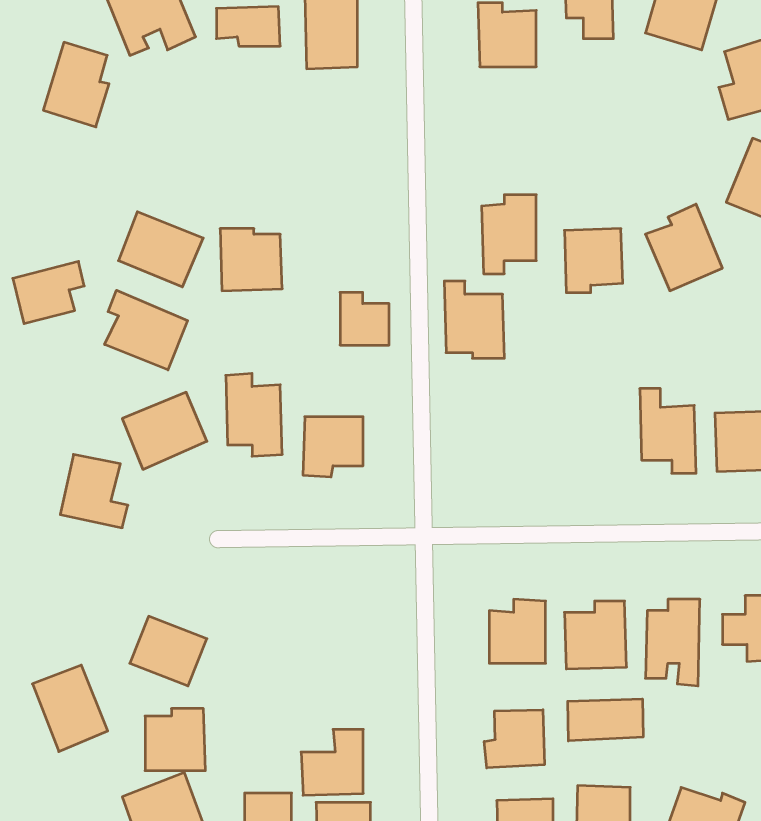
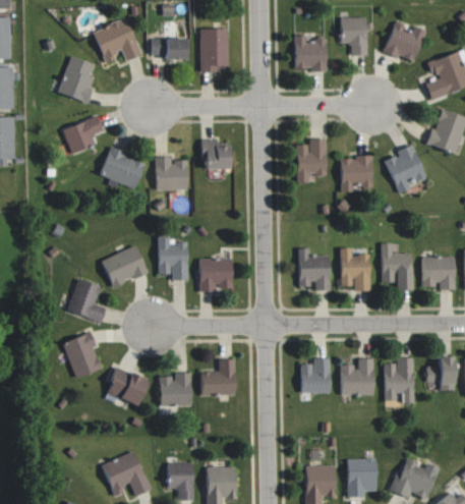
building: [13,261,84,324] -> [62,117,101,151]
building: [444,281,504,358] -> [297,247,330,289]
building: [105,290,188,370] -> none
building: [340,292,389,345] -> [202,139,229,168]
building: none -> [340,247,369,290]
building: [32,665,108,752] -> [61,332,102,379]
building: [568,699,643,741] -> none
building: [145,709,205,771] -> [159,373,191,406]
building: [484,710,544,768] -> none
building: [301,729,363,795] -> [200,359,234,395]

